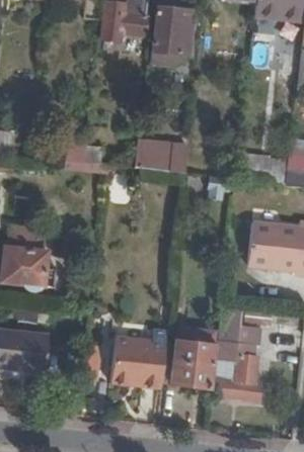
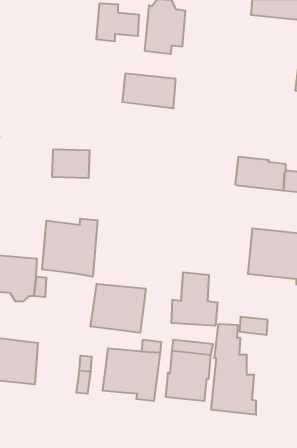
building: [137,141,188,174] -> [122,74,176,108]
building: none -> [42,219,98,277]
building: none -> [171,272,218,326]
building: none -> [91,284,146,333]

